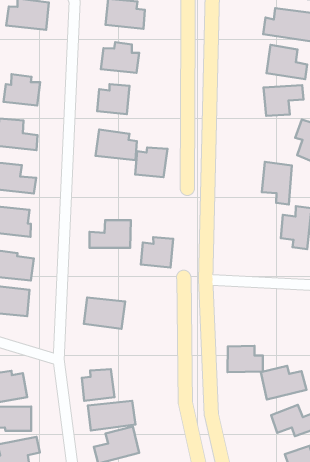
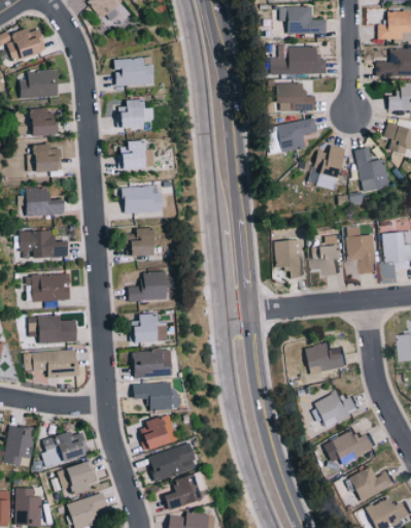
building: none -> [32,109,58,136]
building: [135,147,167,177] -> [127,228,156,257]
building: [262,162,292,204] -> [274,240,303,278]
building: [141,237,173,267] -> [130,314,160,342]
building: none -> [133,383,172,410]
building: [228,346,263,372] -> [306,343,343,372]

